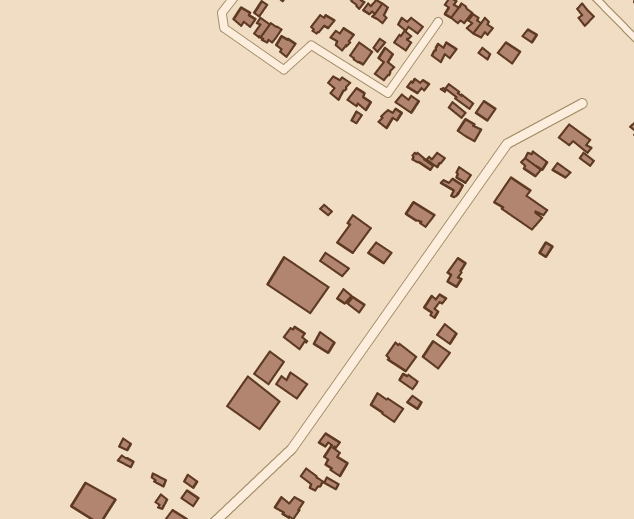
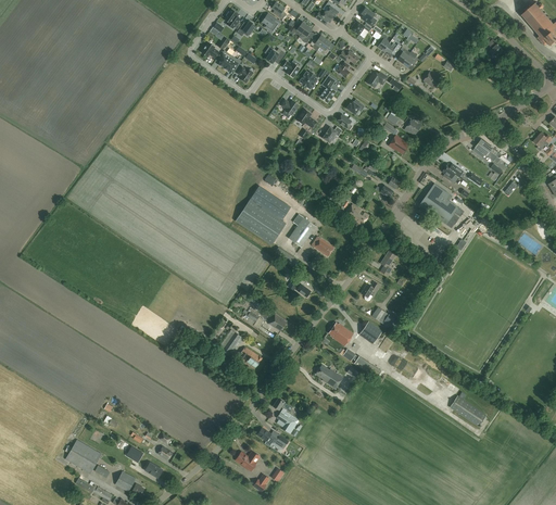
building: [267,257,328,313] -> [236,198,287,244]
building: [227,377,279,429] -> none
building: none -> [451,391,486,425]

